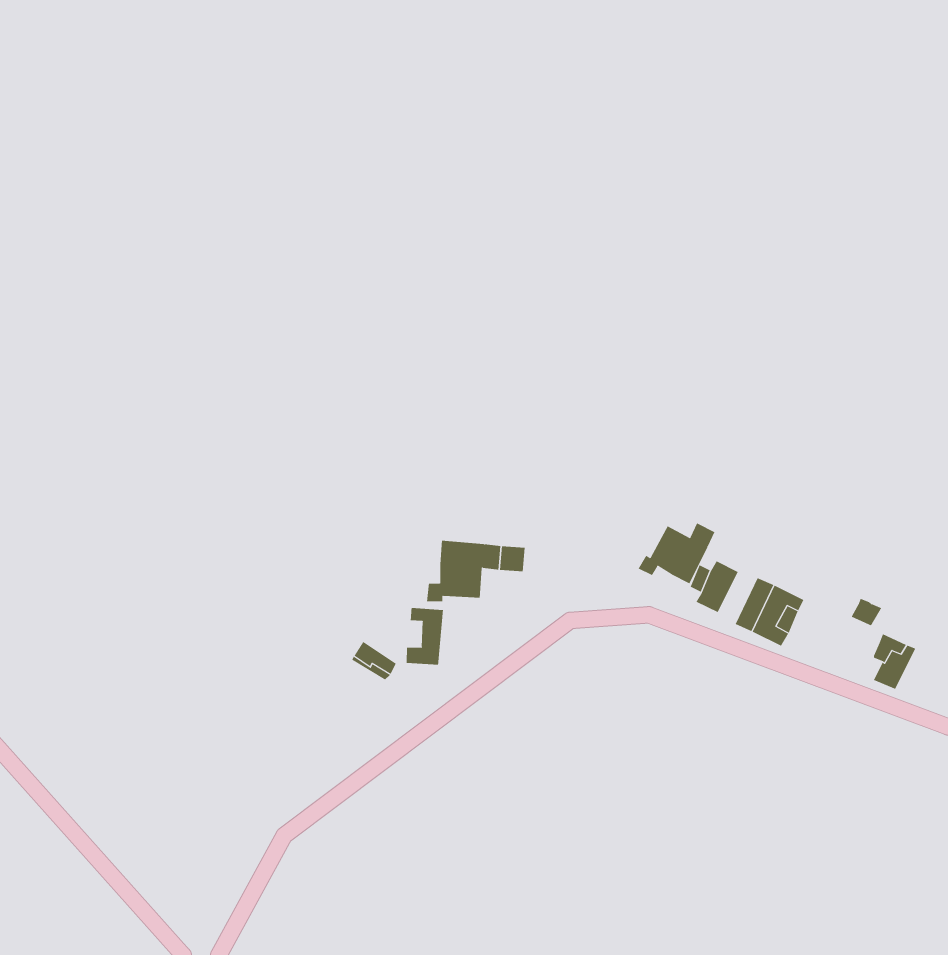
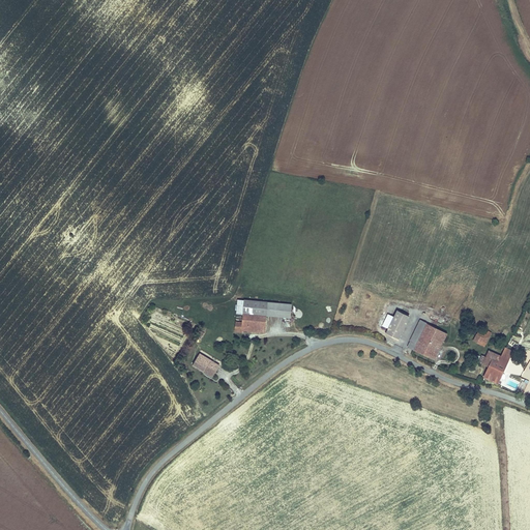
building: [638,523,715,584] -> none
building: [406,607,443,666] -> none

